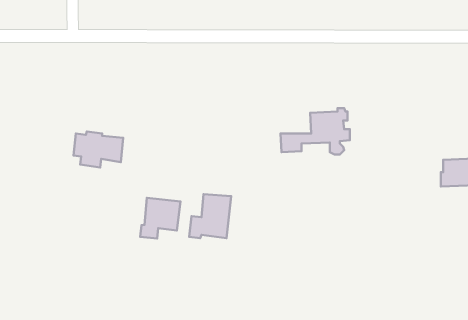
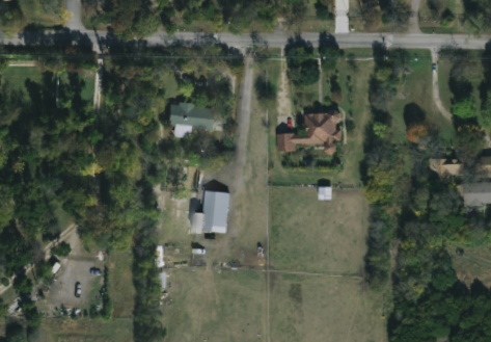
building: [74,131,123,168] -> [169,102,216,136]
building: [140,198,181,239] -> none

